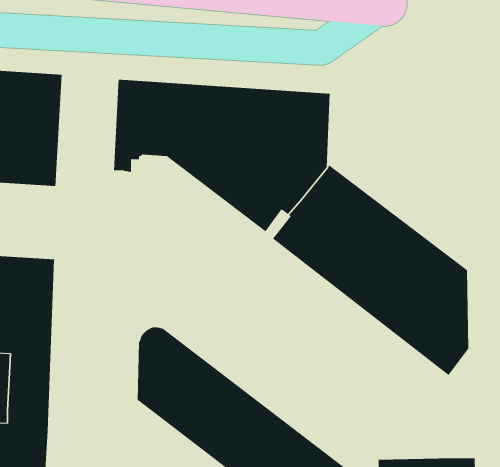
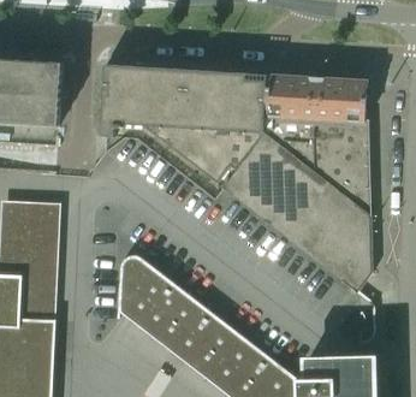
building: none -> [265,73,372,211]

